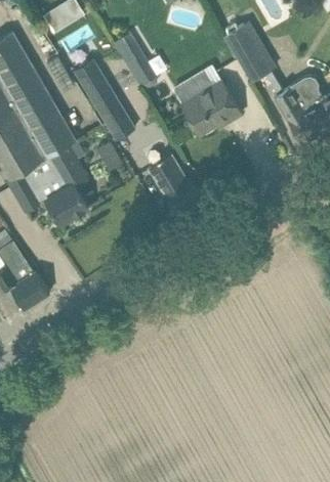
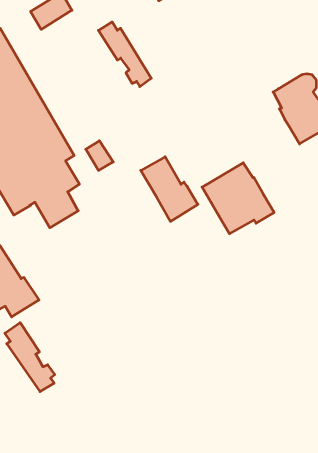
building: [224,25,271,82] -> none
building: [74,59,135,140] -> none
building: [172,67,242,135] -> [202,163,274,234]
building: none -> [5,323,55,392]

